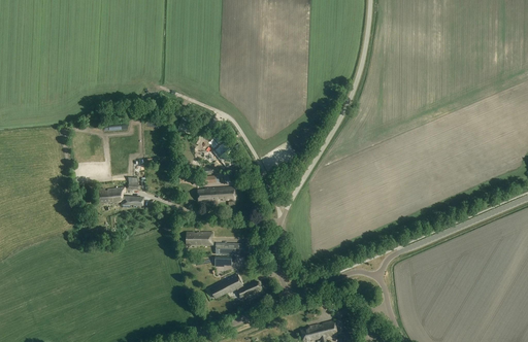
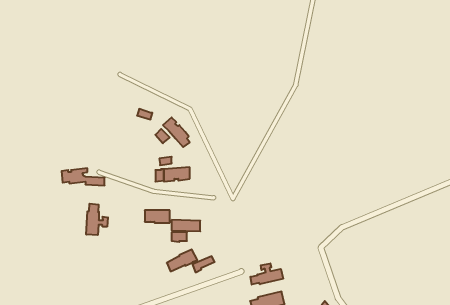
building: none -> [86,204,108,235]
building: none -> [250,263,283,285]

